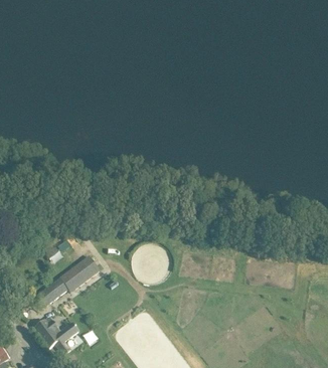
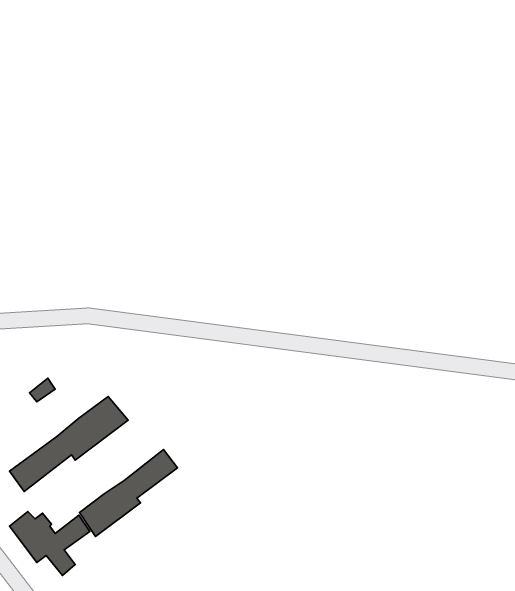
building: none -> [79,450,178,537]

